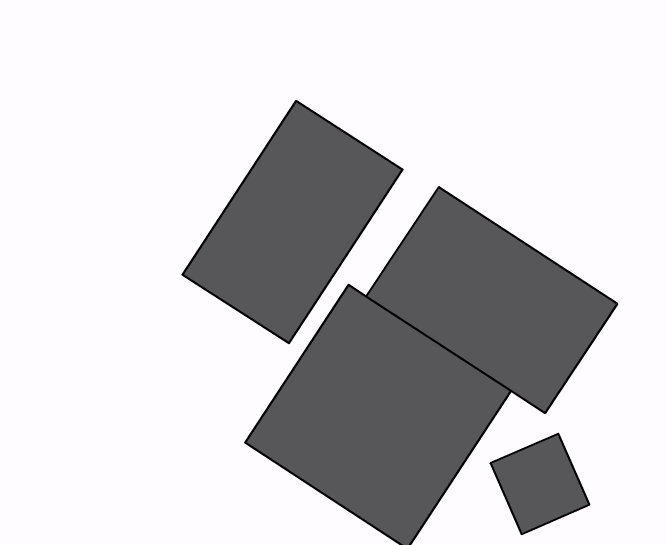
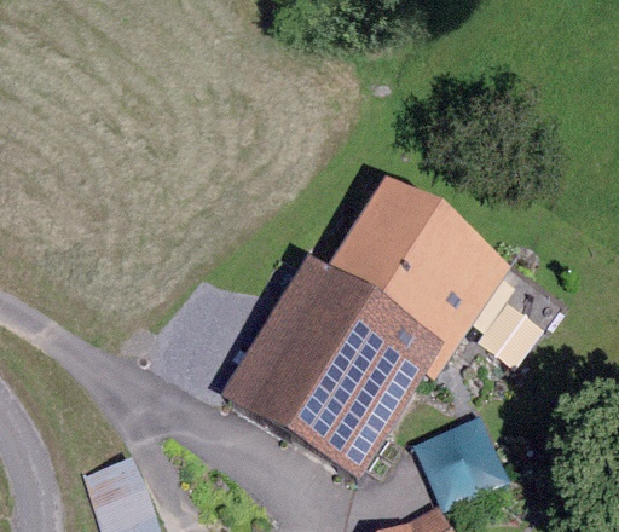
building: [182,101,403,343] -> none

